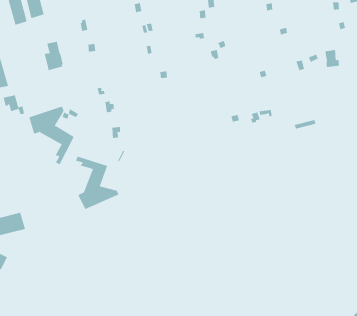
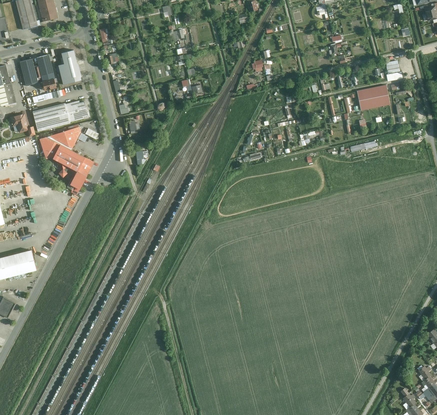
building: none -> [20,53,57,89]
building: none -> [357,84,389,109]
building: none -> [32,99,88,131]
building: [75,156,119,210] -> none

